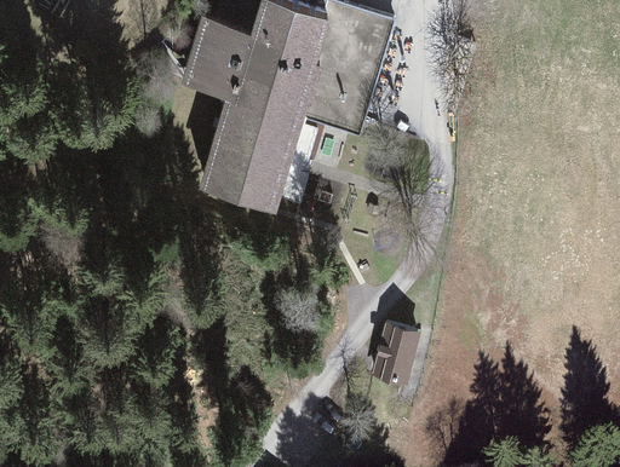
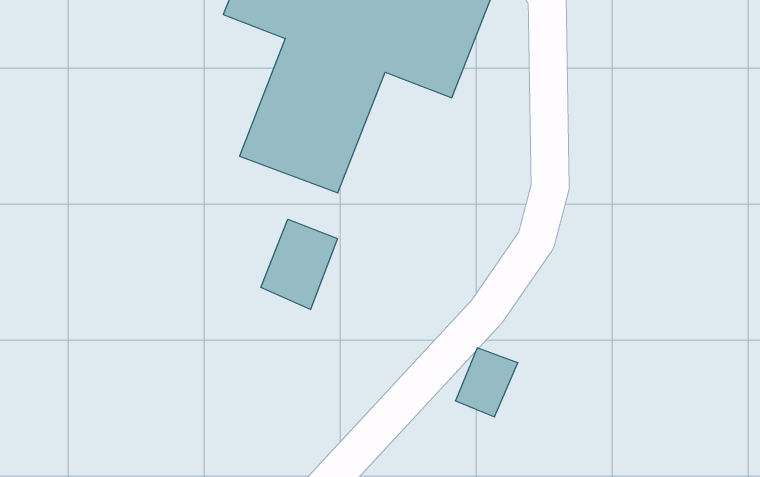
building: none -> [261,219,337,310]

